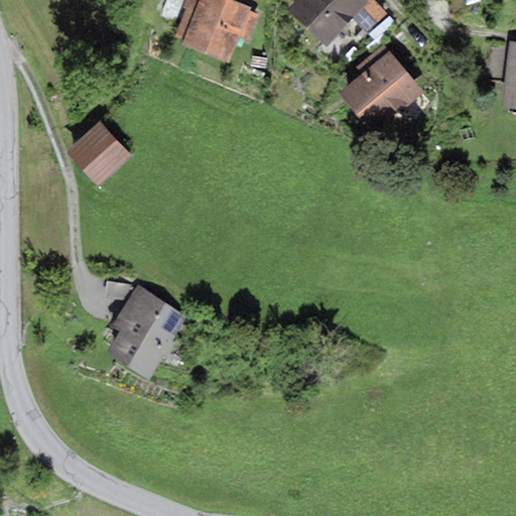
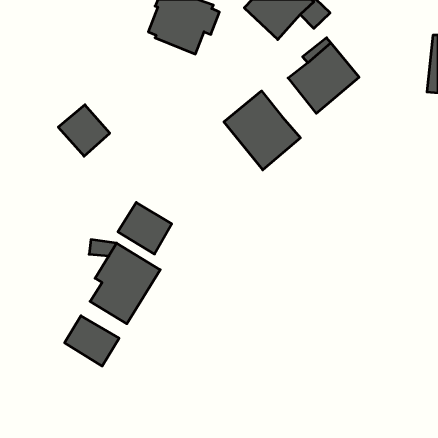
building: none -> [224,91,300,170]
building: none -> [118,202,172,254]
building: none -> [65,316,119,366]

